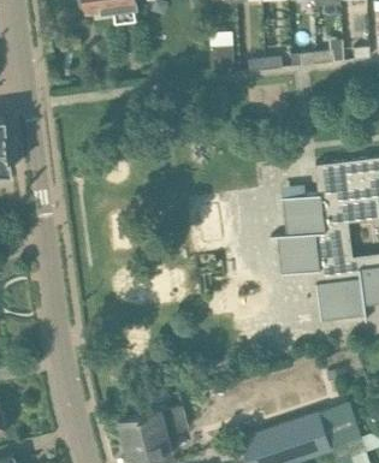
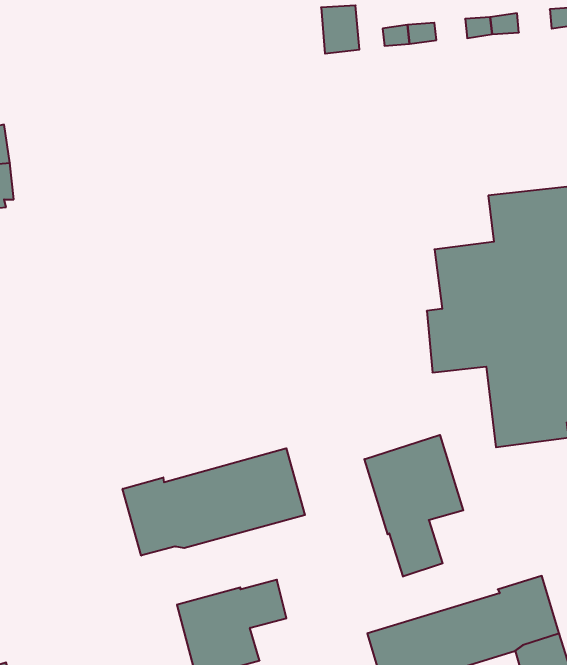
building: none -> [364,435,463,577]
building: none -> [123,448,305,556]

